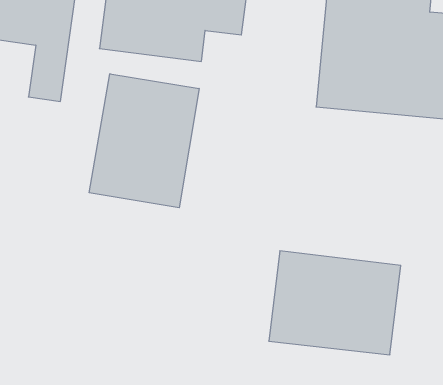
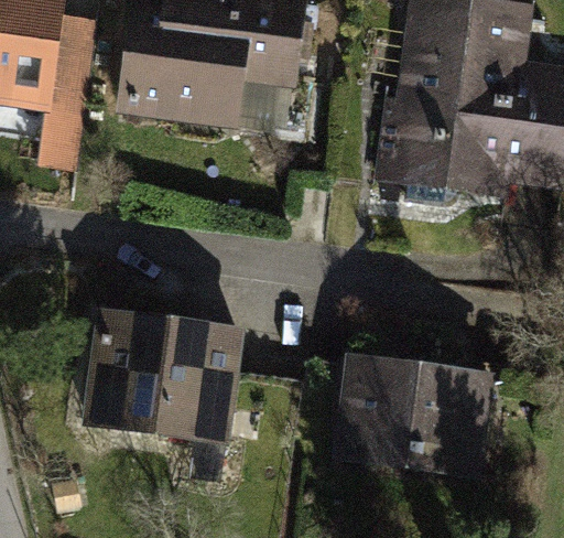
building: [89,74,199,208] -> none
building: none -> [77,306,234,439]

